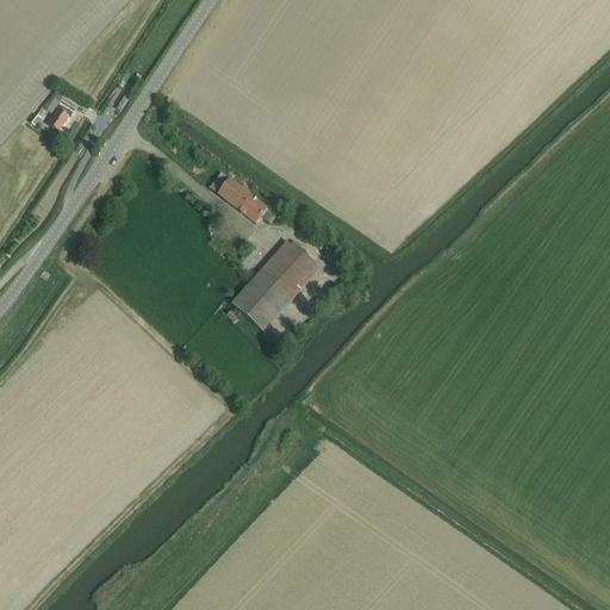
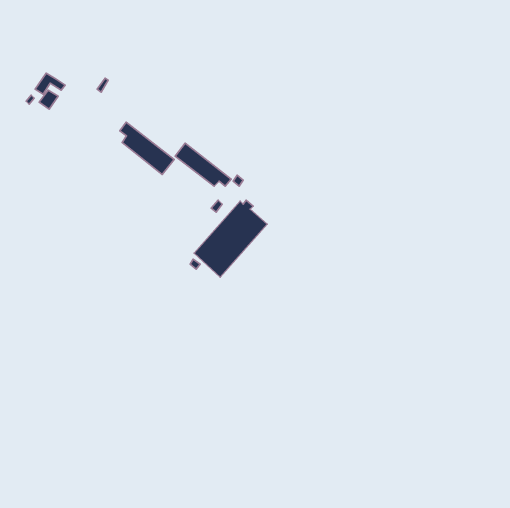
building: none -> [120,122,174,175]

